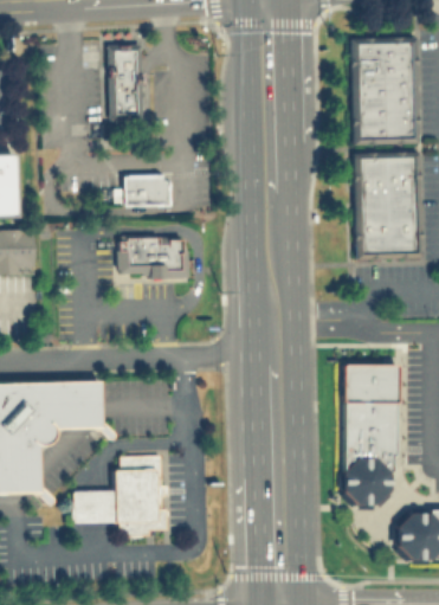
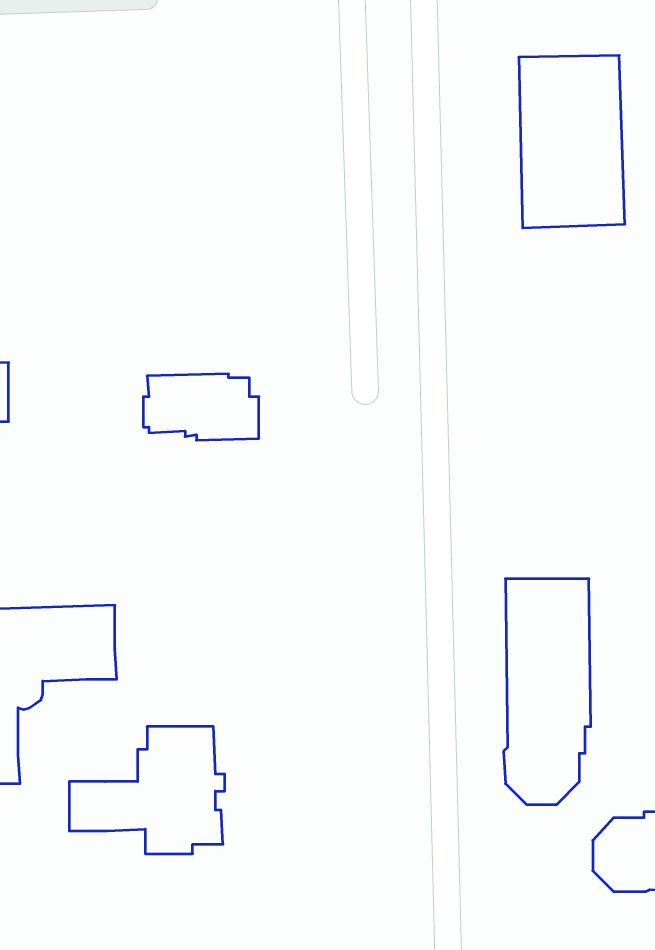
building: [108,44,147,130] -> none
building: [354,152,420,259] -> none
building: [115,174,170,206] -> none

